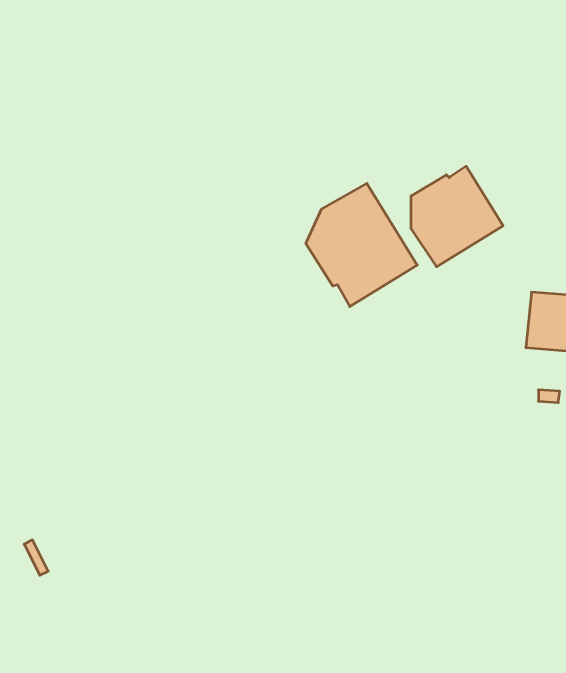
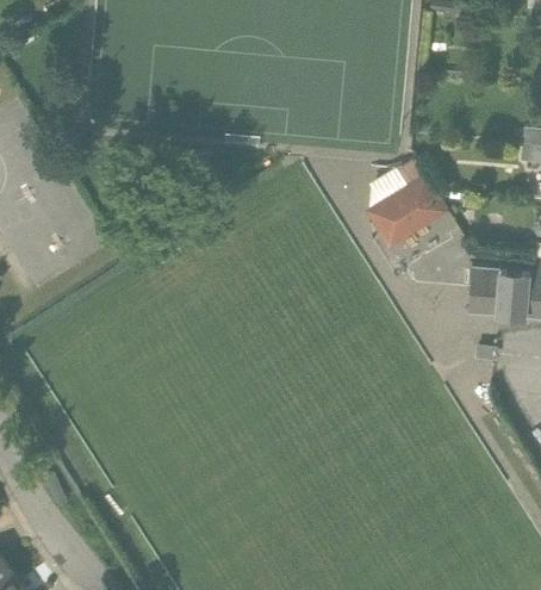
building: [306,183,417,307] -> none

